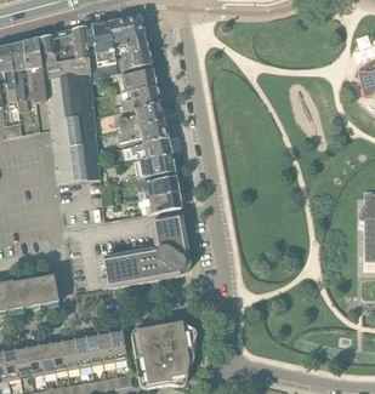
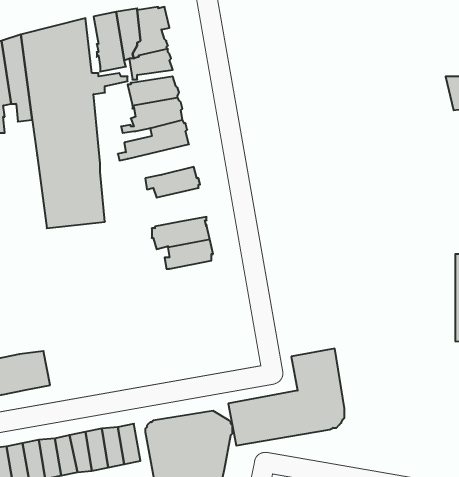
building: [118,119,169,142] -> none
building: [129,152,175,179] -> none
building: [103,213,191,286] -> [228,349,344,446]

